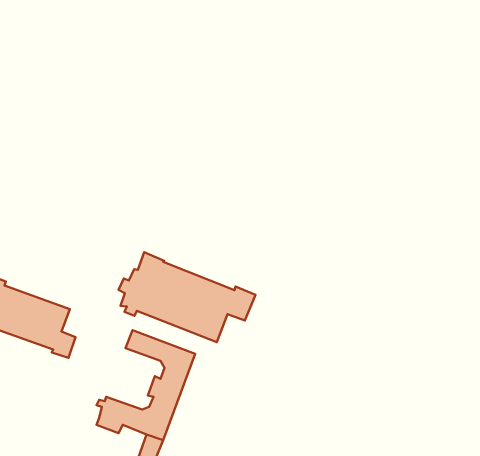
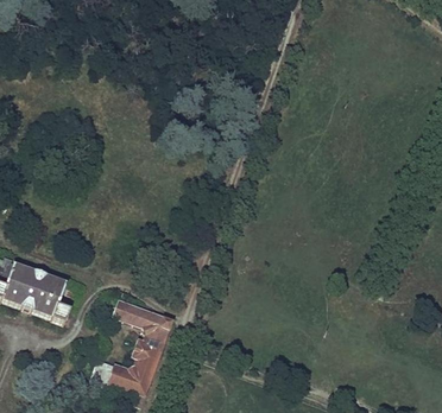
building: [118,252,256,342] -> none

